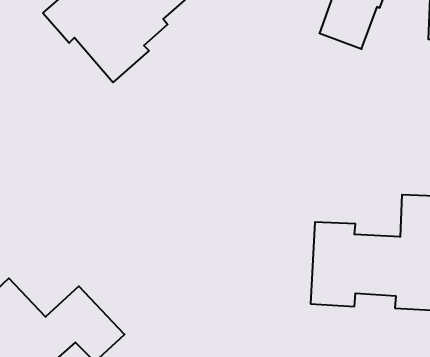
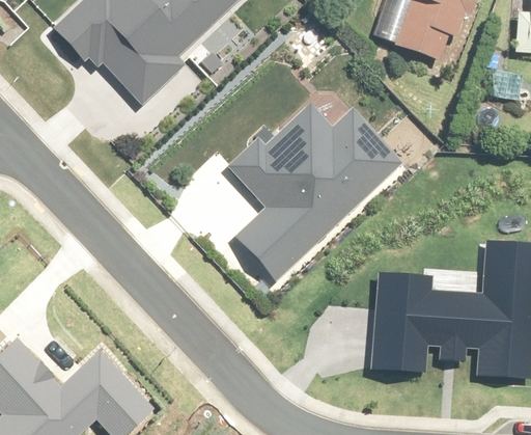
building: none -> [233,105,399,278]

